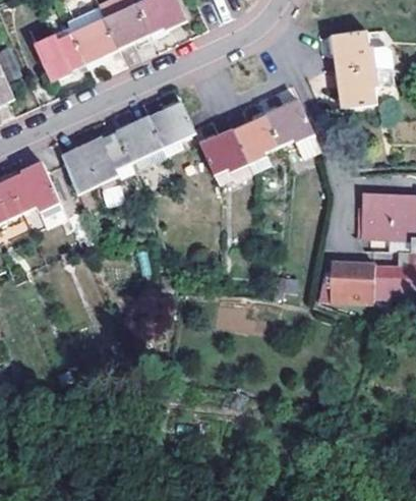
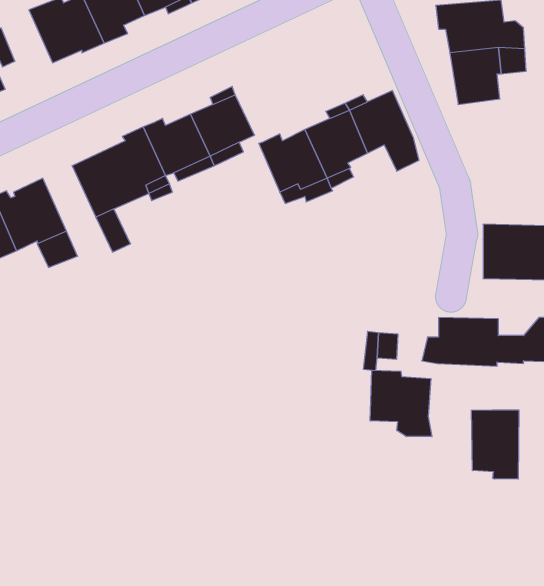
building: none -> [370,370,432,437]
building: none -> [471,410,519,479]

